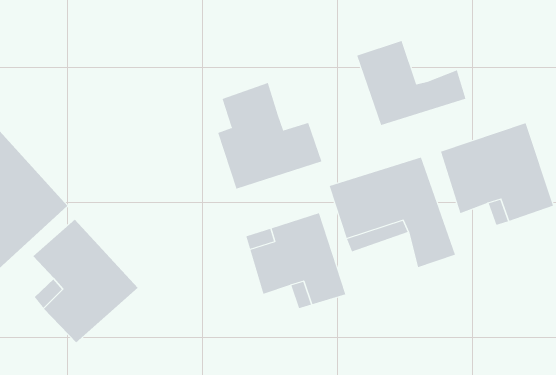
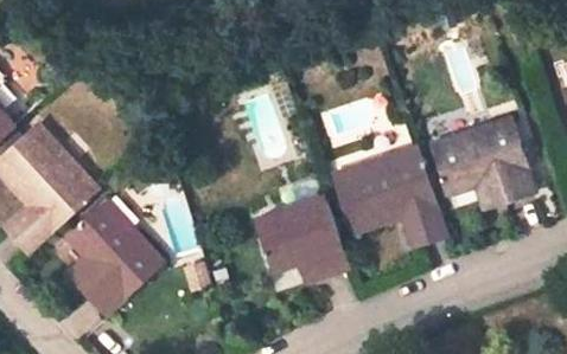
building: [356,40,466,126] -> none
building: [218,82,322,190] -> none

